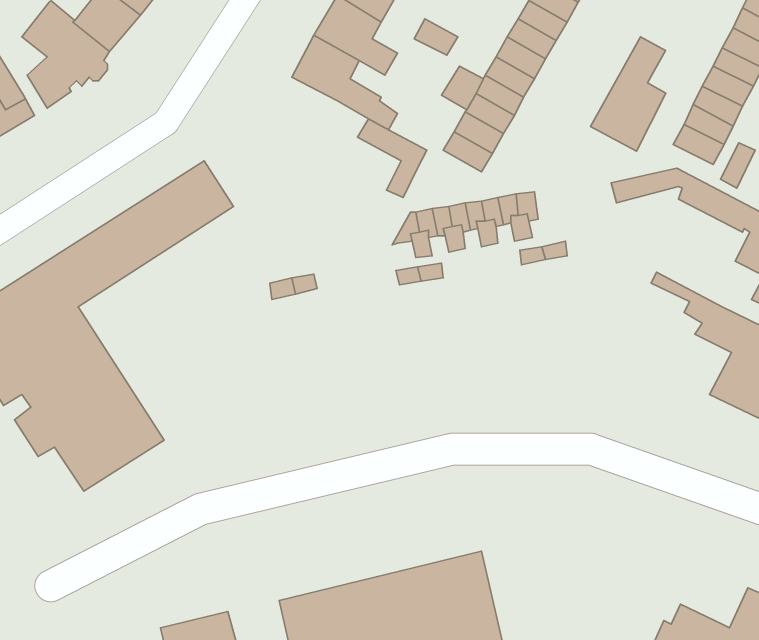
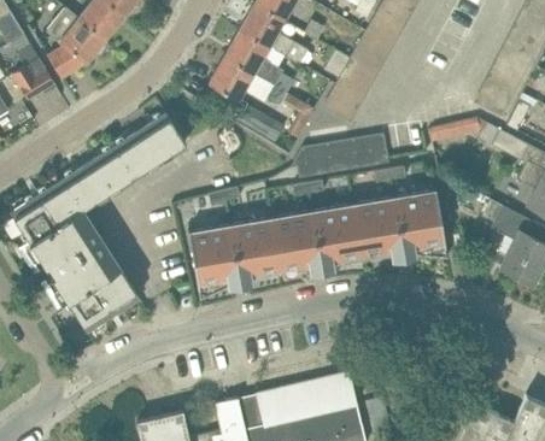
building: [590,37,666,151] -> none
building: none -> [209,58,254,101]
building: none -> [238,105,286,143]
building: none -> [188,189,447,300]

